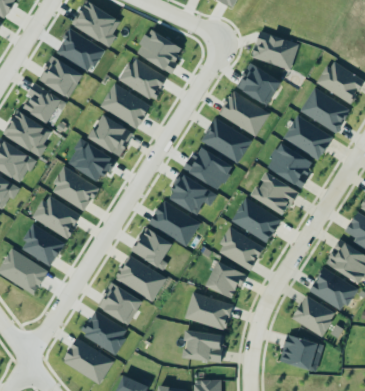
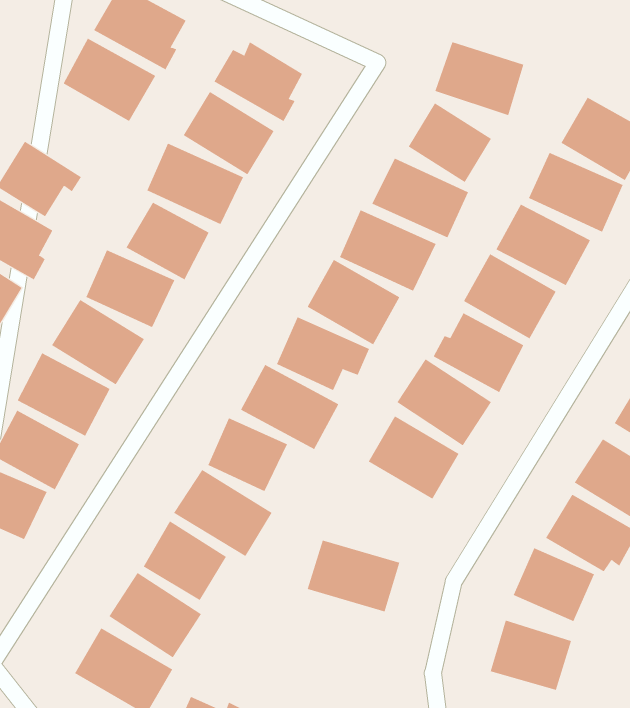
building: [38,56,83,98] -> none
building: [205,261,244,298] -> none
building: [183,330,224,362] -> none

